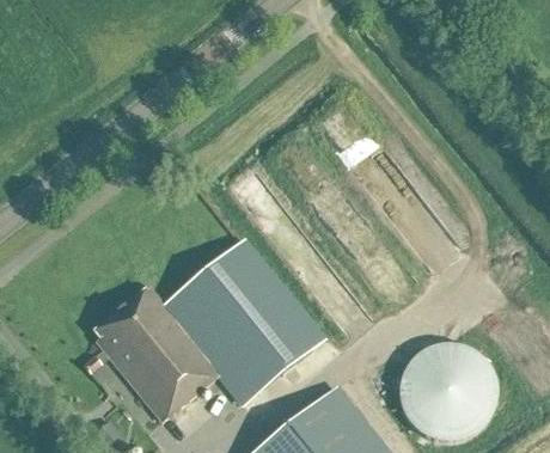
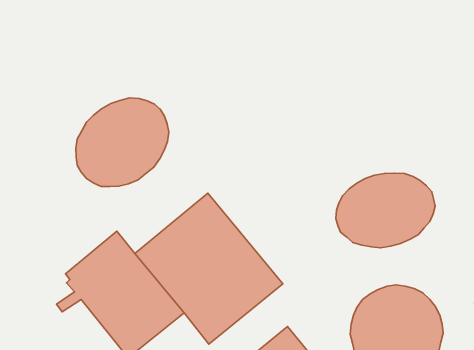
building: none -> [76,98,169,186]
building: none -> [336,173,435,248]

